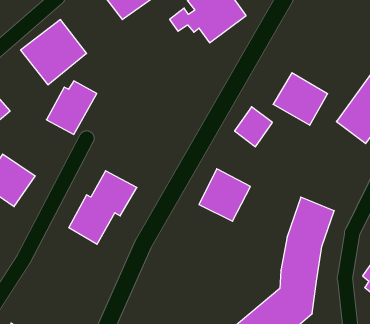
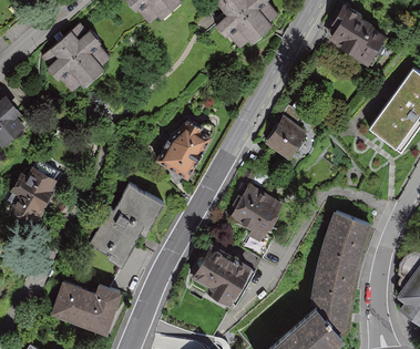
building: [273,73,328,125] -> [327,9,385,64]
building: [46,81,97,134] -> [157,120,211,176]
building: none -> [192,245,253,302]
building: none -> [50,279,122,337]

